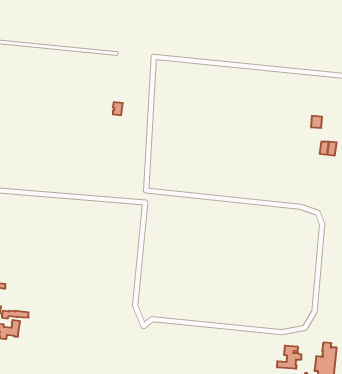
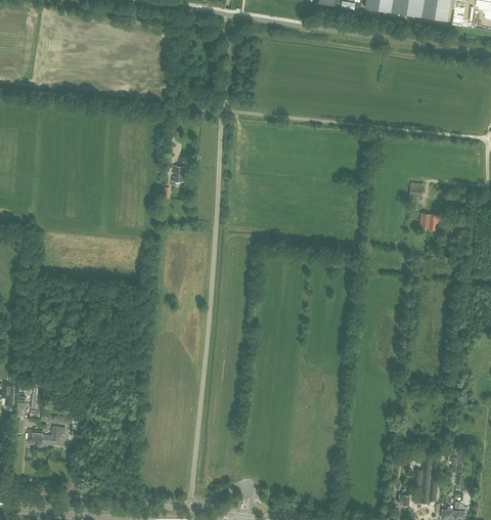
building: [277,345,301,369] -> none

